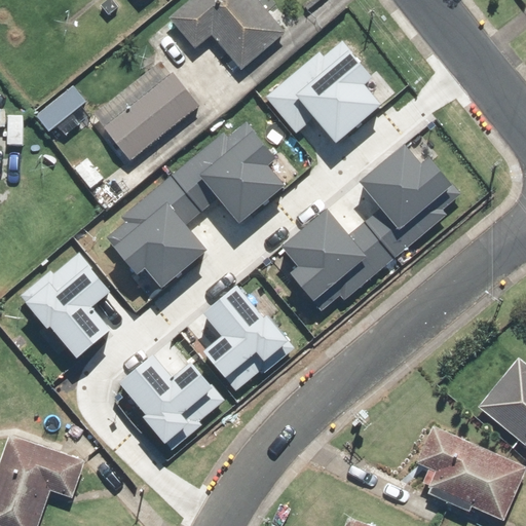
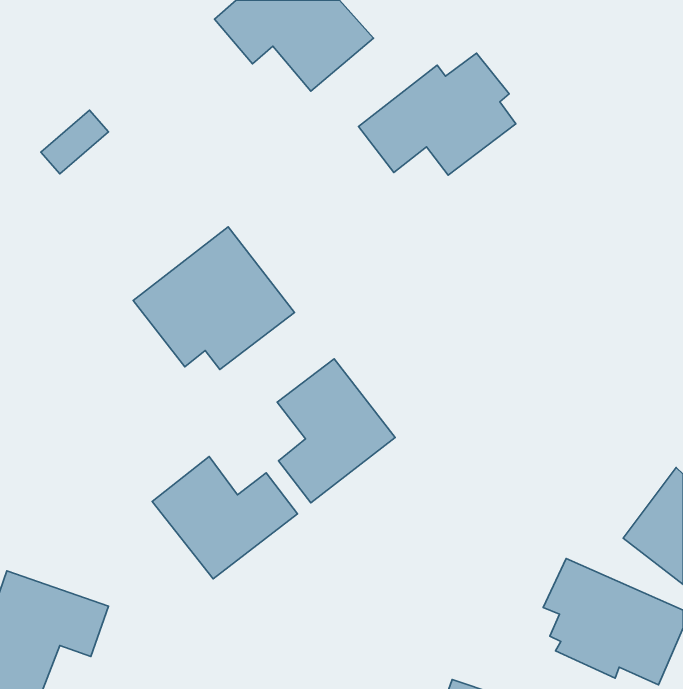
building: [86,63,193,165] -> none
building: [182,113,304,219] -> none
building: [363,139,472,229] -> none
building: [296,212,396,310] -> none
building: [29,249,125,363] -> none

